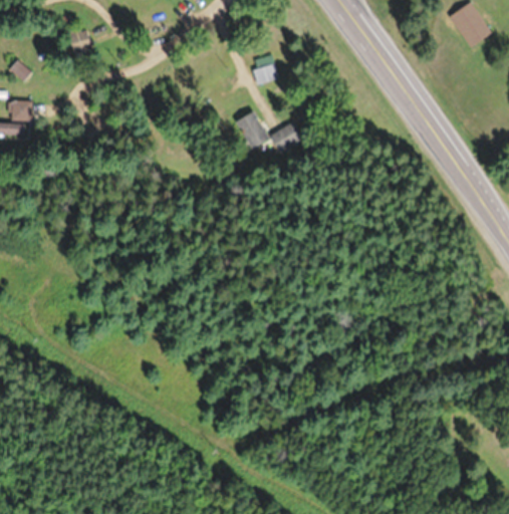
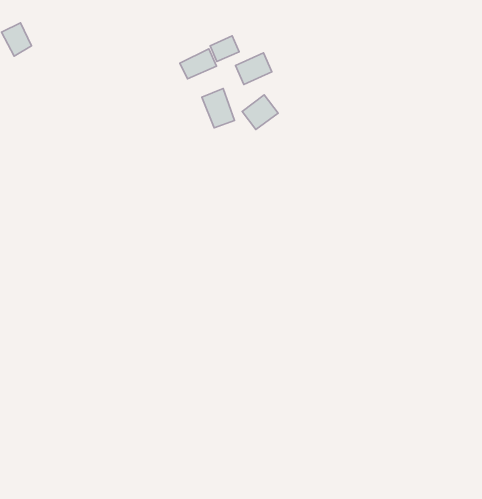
building: none -> [180,49,216,79]
building: none -> [235,53,272,85]

